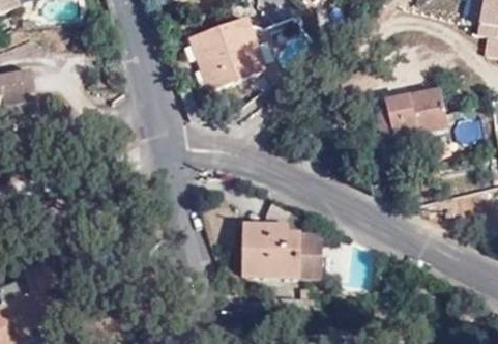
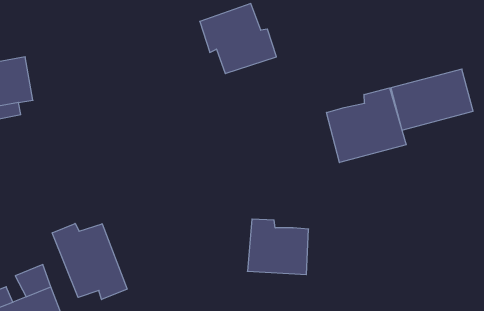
building: none -> [327,88,406,163]
building: none -> [52,223,127,300]
building: [292,233,315,277] -> none

